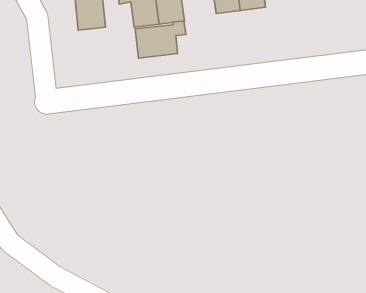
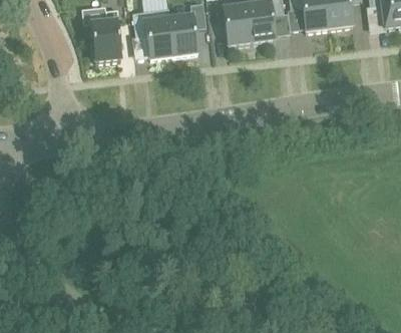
building: [135,21,186,58] -> none

